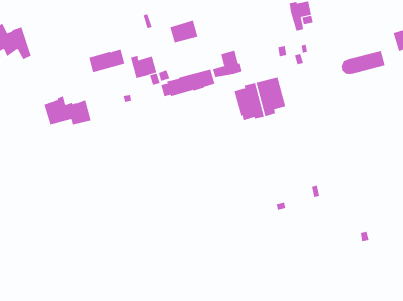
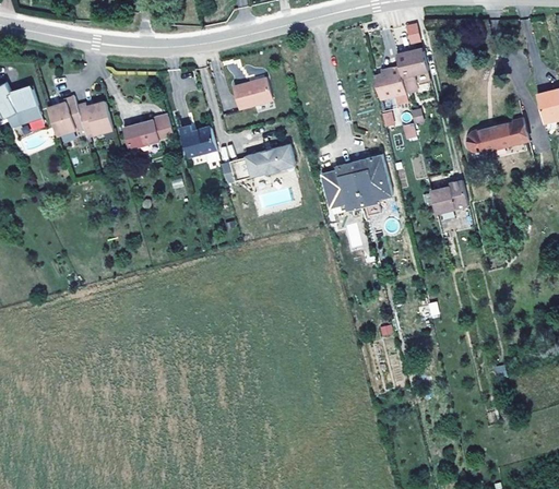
building: none -> [372,65,407,105]
building: [212,50,242,78] -> none
building: none -> [429,179,467,213]
building: [43,96,92,125] -> [47,95,112,135]

